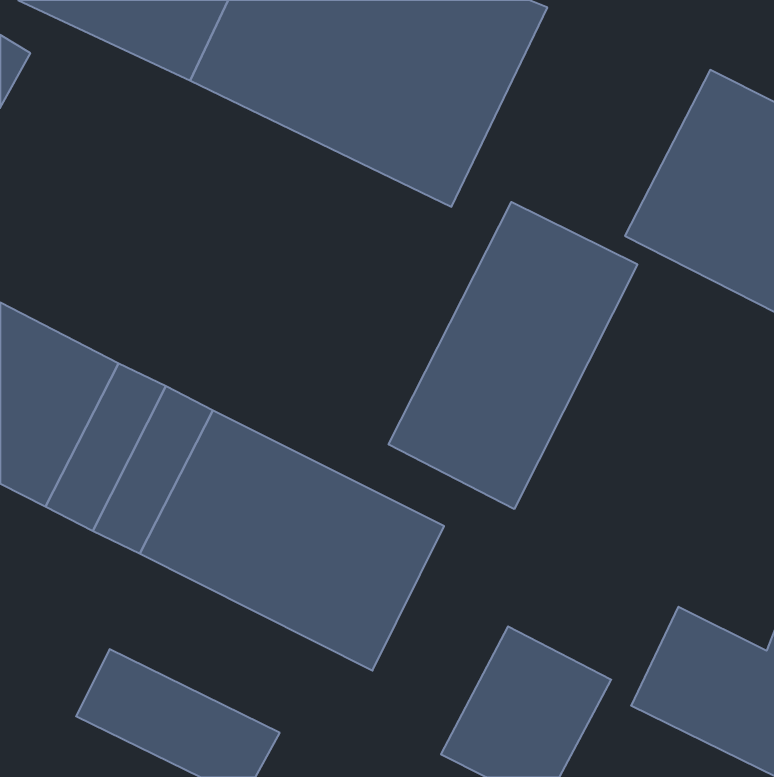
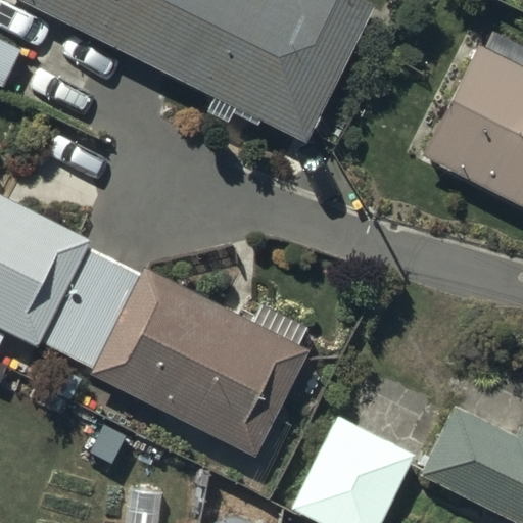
building: [389,202,637,509] -> none

